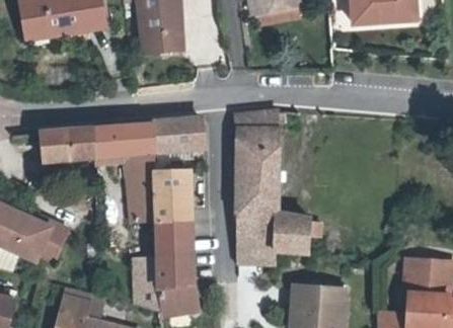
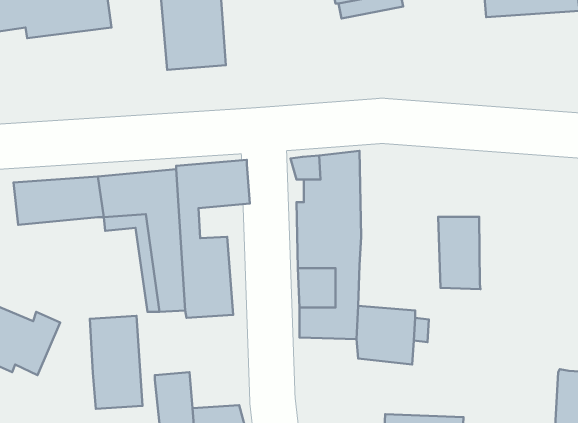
building: none -> [438,217,481,289]
building: [156,221,192,283] -> [90,316,143,409]
building: [232,236,272,266] -> none

